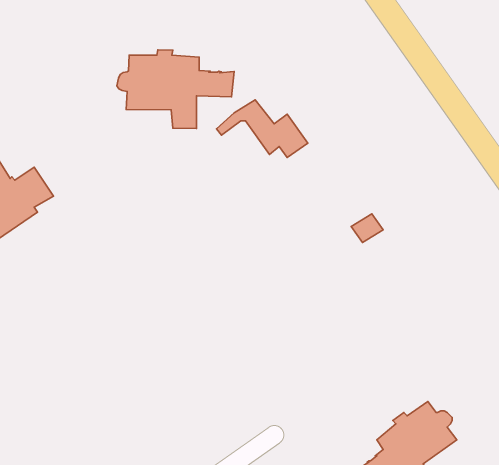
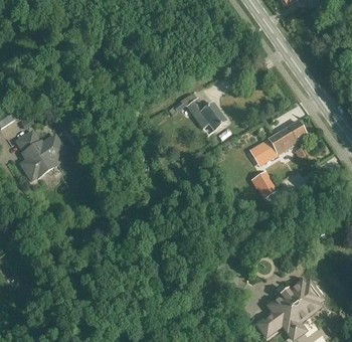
building: [117,50,234,129] -> none
building: none -> [248,122,305,167]

